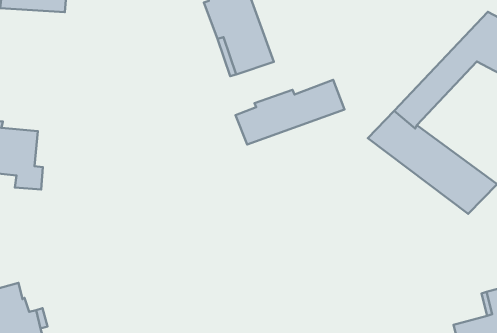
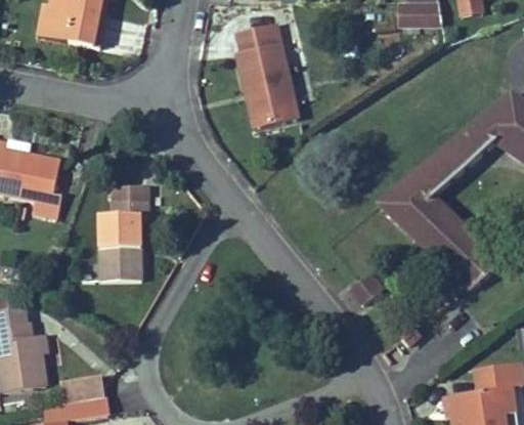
building: [236,80,345,145] -> none
building: none -> [98,184,148,280]

